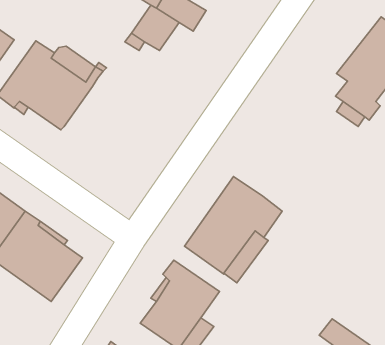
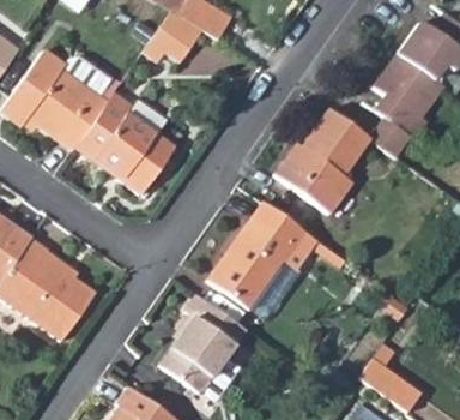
building: none -> [75,91,174,194]
building: none -> [273,107,371,214]

